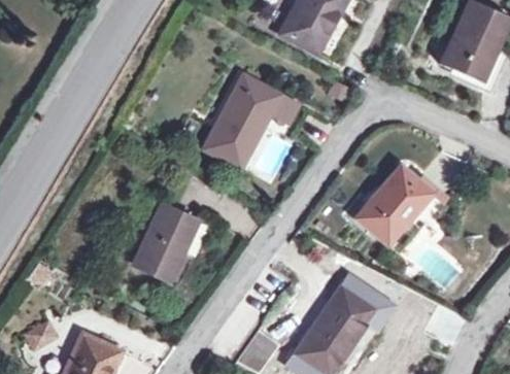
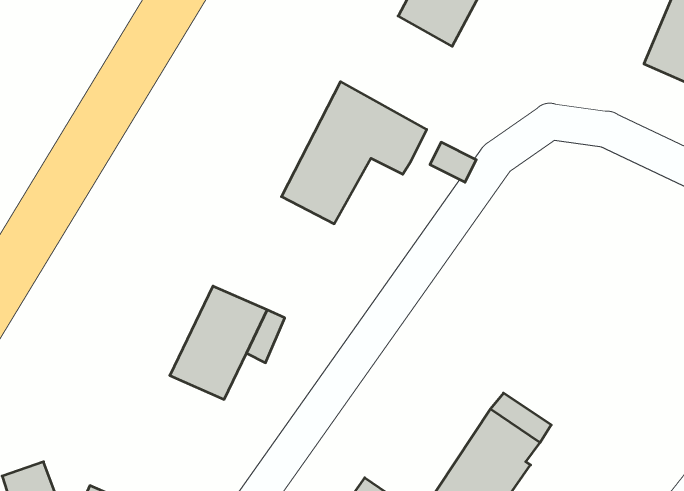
building: [358,167,447,243] -> none

